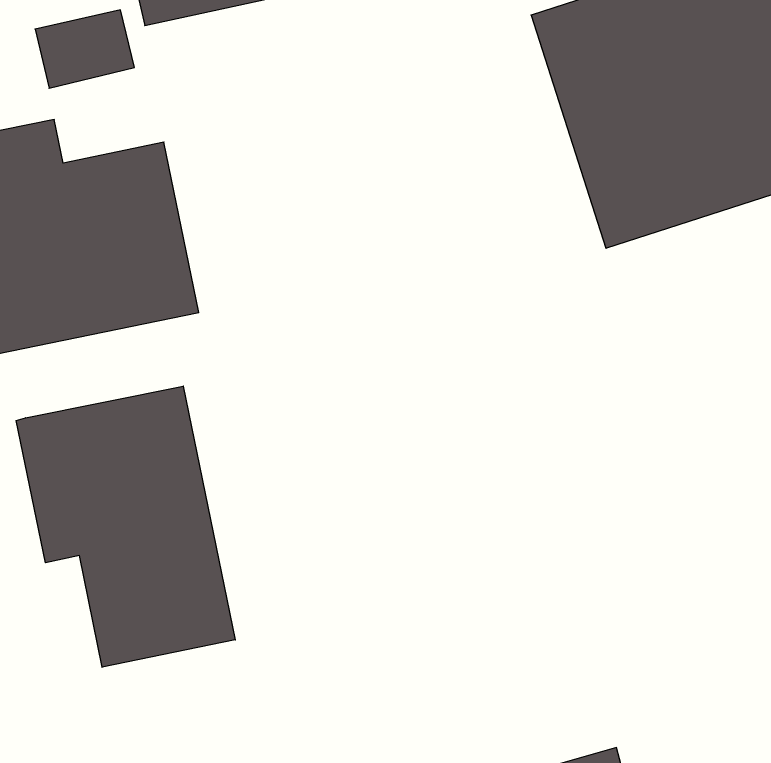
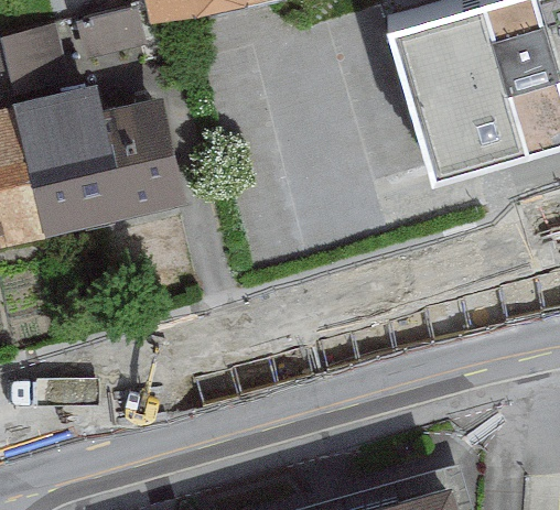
building: [16,386,235,667] -> none

